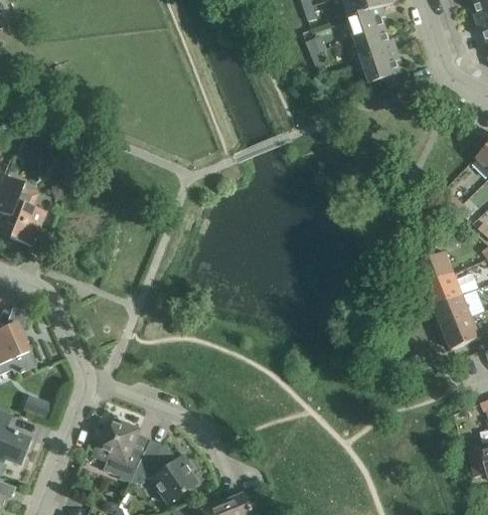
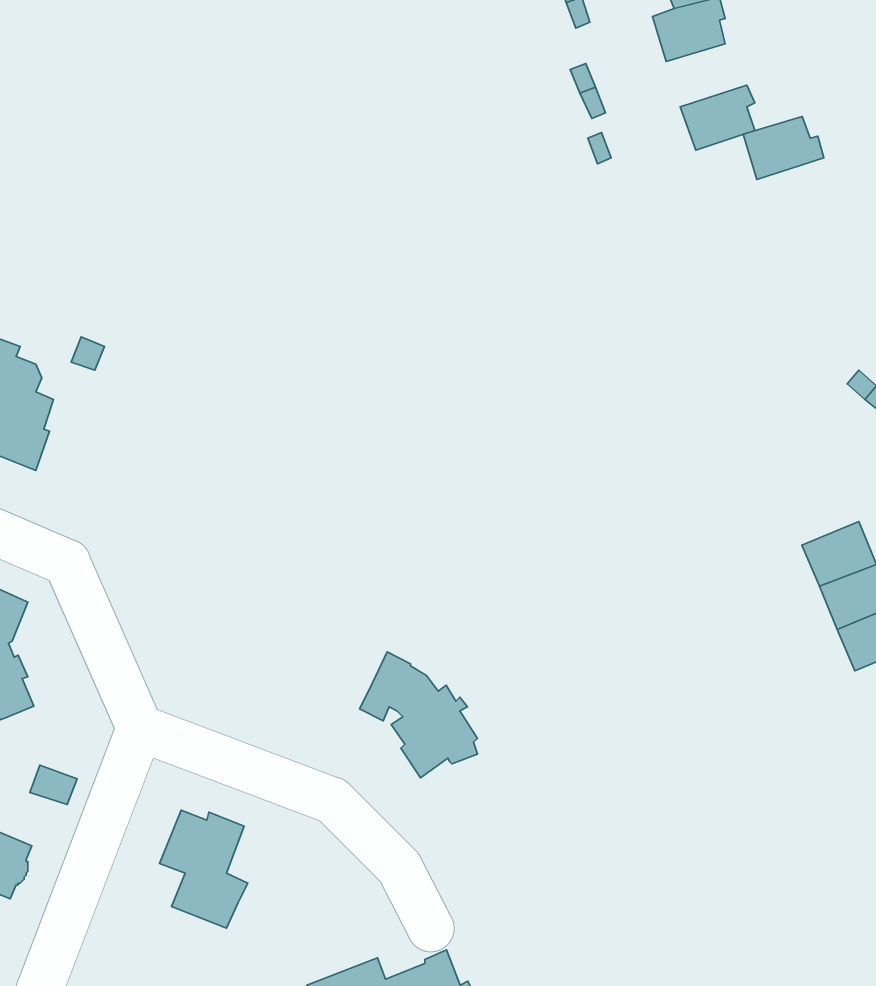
building: [355,28,396,60] -> [743,117,824,179]
building: [417,251,454,285] -> none
building: [136,439,196,503] -> [360,652,477,778]

